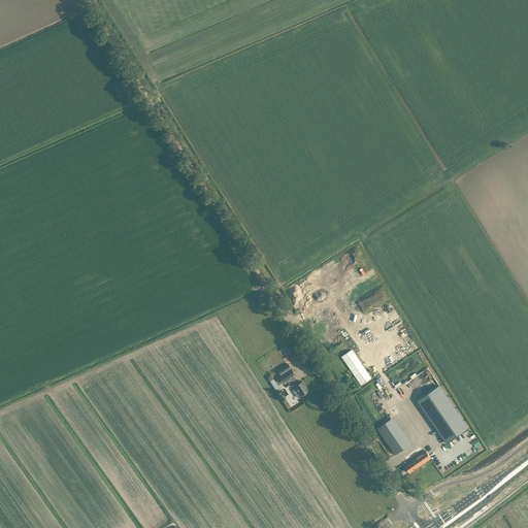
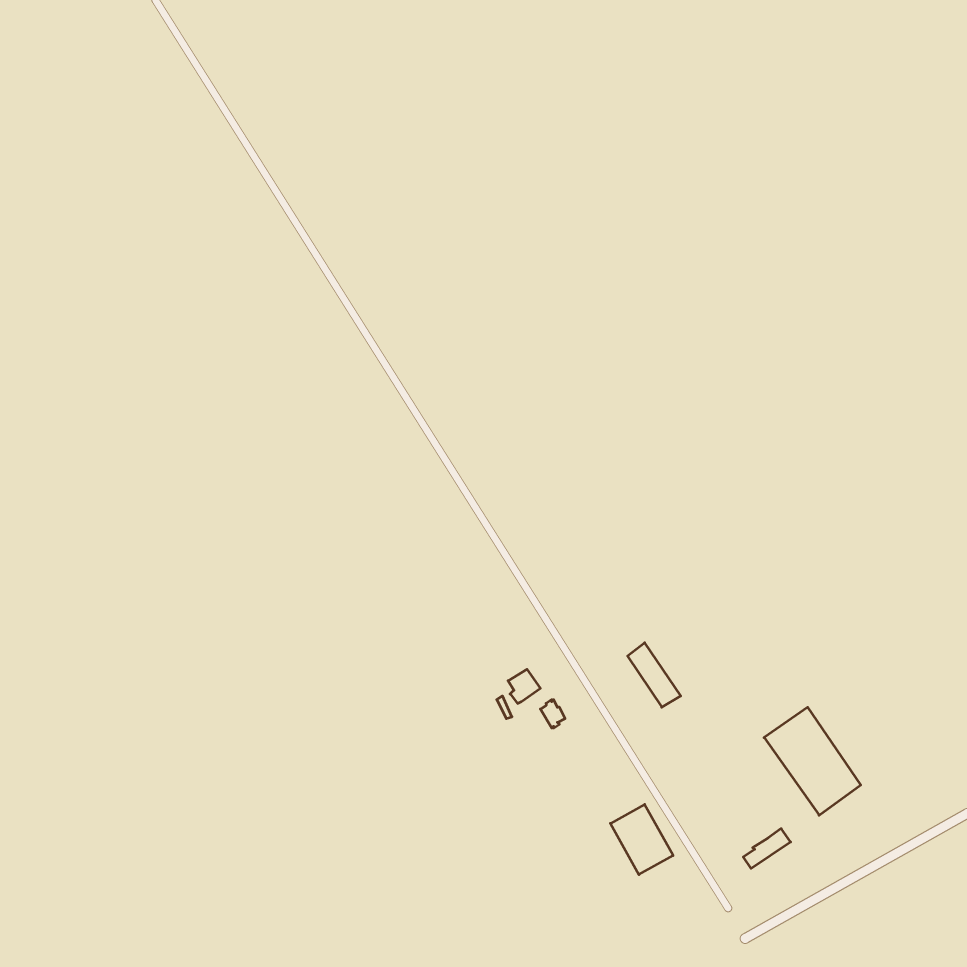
building: [378,418,412,456] -> [610,804,673,875]

